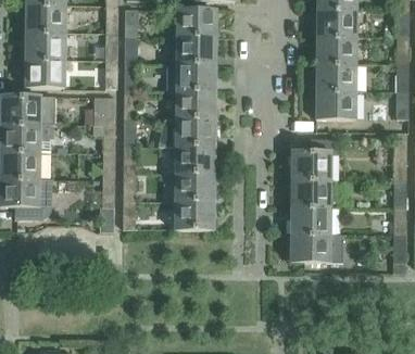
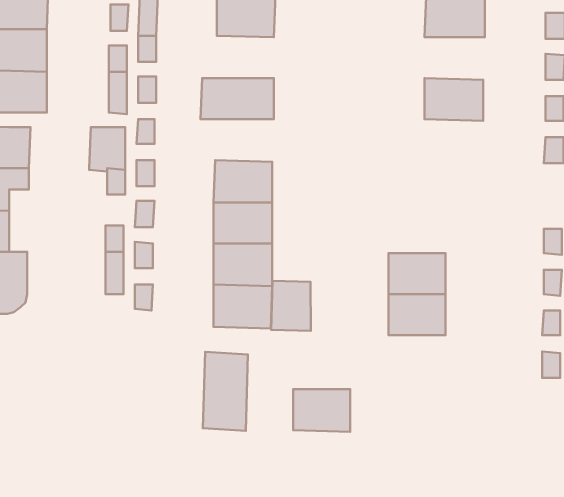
building: [176,35,215,63] -> none
building: [315,36,355,64] -> none
building: [176,90,215,118] -> none
building: [314,90,354,118] -> none
building: [291,139,339,179] -> none
building: none -> [271,281,311,331]
building: [291,233,329,262] -> [293,389,350,432]
building: none -> [203,352,248,431]

